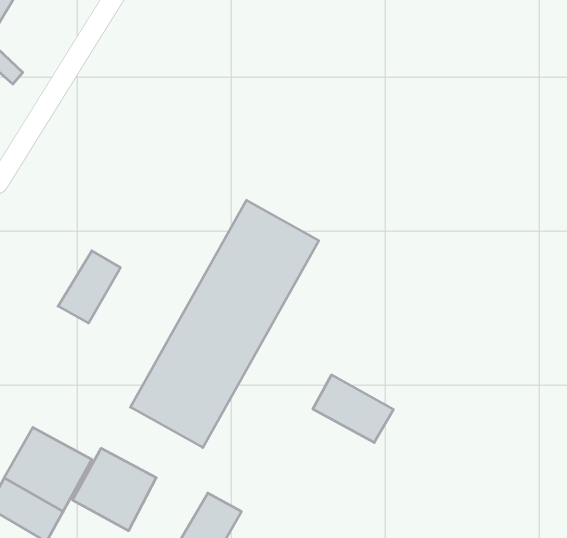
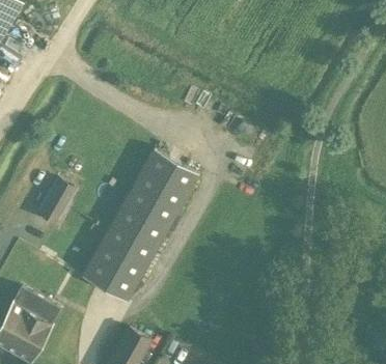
building: [313,375,393,443] -> none
building: [73,448,156,531] -> none

